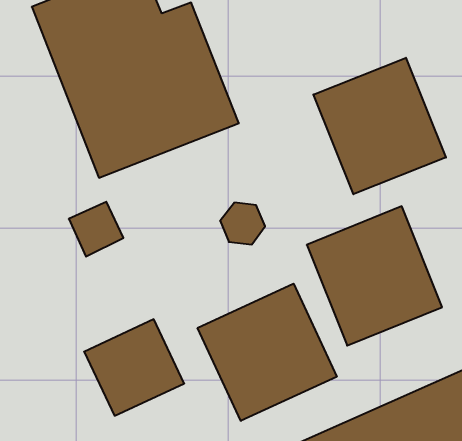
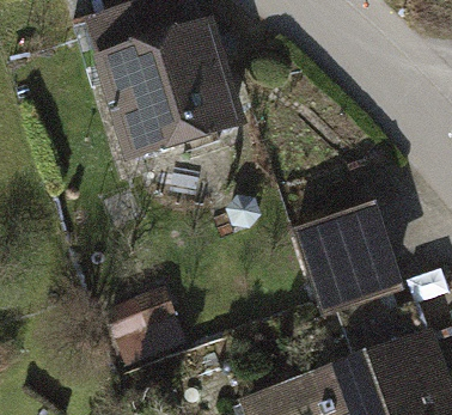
building: [313,58,446,194] -> none
building: [198,284,337,421] -> none

